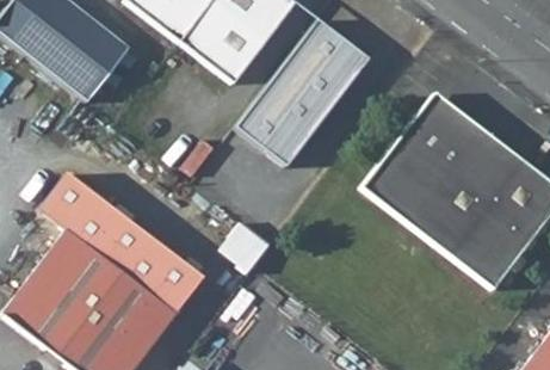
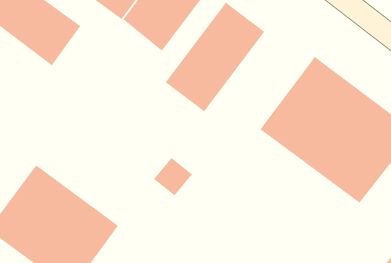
building: [38,174,204,313] -> none

